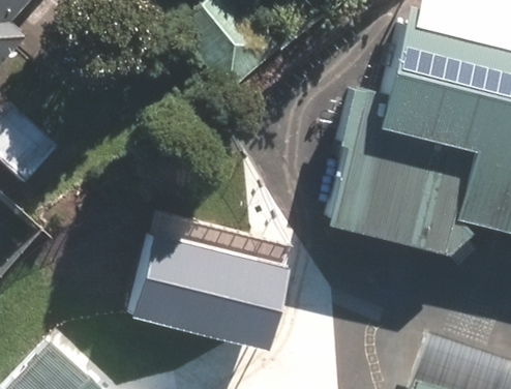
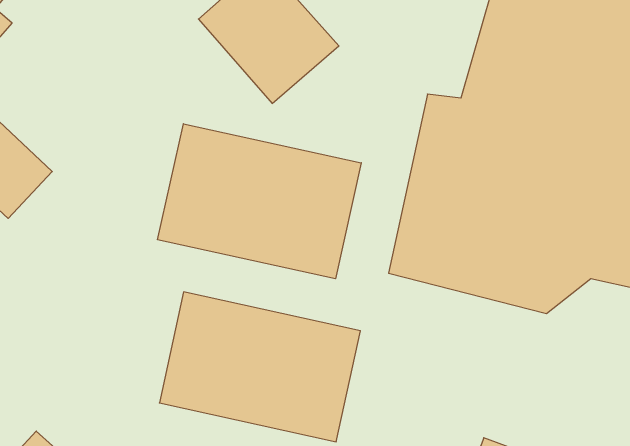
building: none -> [158,124,361,279]

